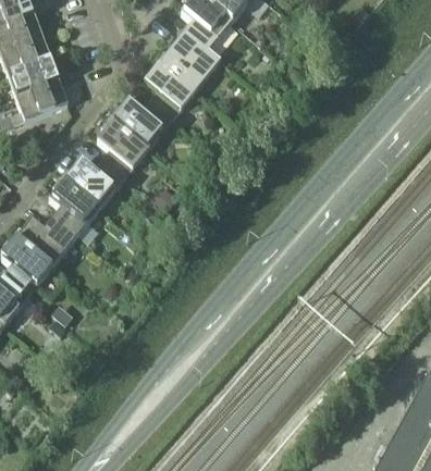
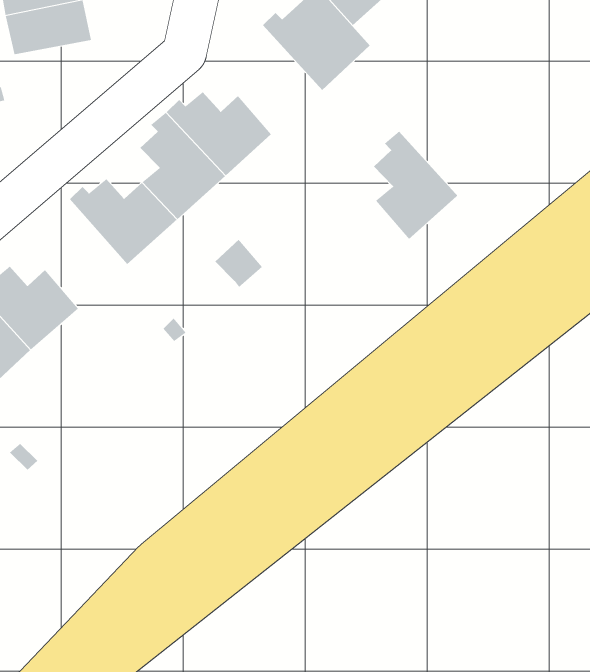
building: [144,57,196,119] -> [373,131,459,240]
building: [15,80,66,120] -> none
building: [48,174,99,236] -> none

